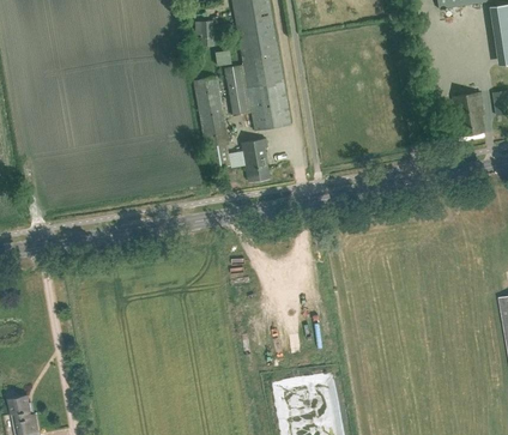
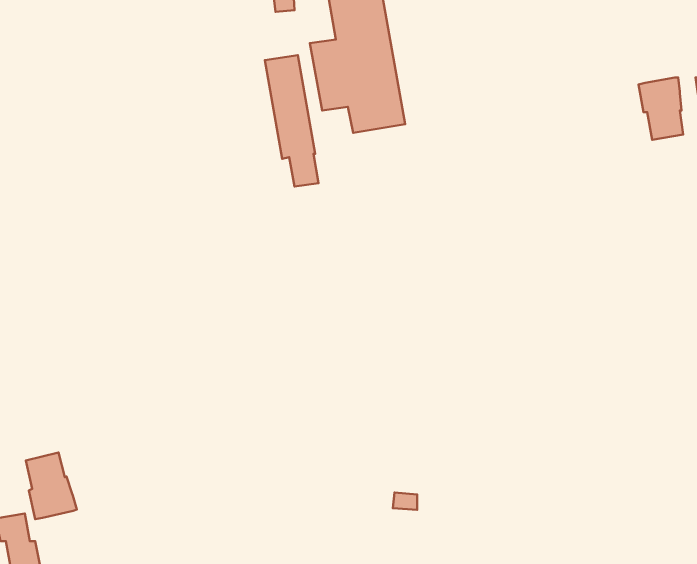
building: [242,138,270,182] -> none
building: none -> [26,453,77,519]

